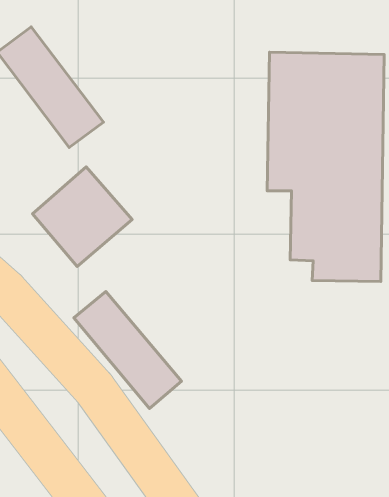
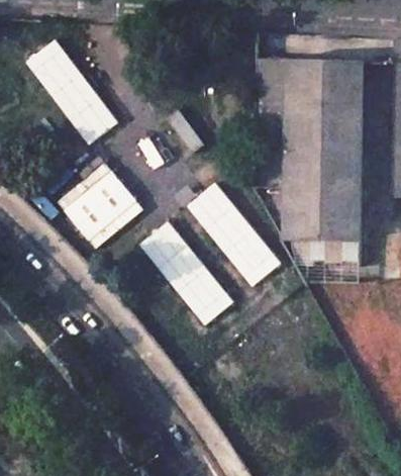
building: none -> [185,181,281,285]
building: [74,292,182,409] -> [138,221,233,324]

